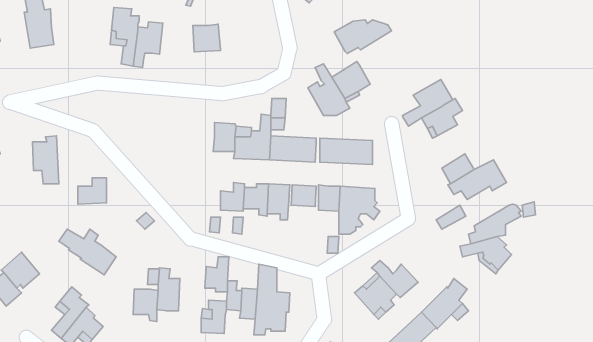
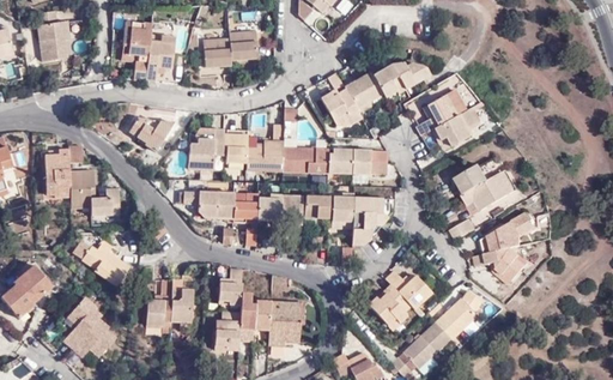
building: none -> [231,29,260,61]
building: [334,20,392,54] -> [372,65,430,98]
building: none -> [129,121,170,153]
building: none -> [189,129,225,170]
building: none -> [69,145,95,207]
building: none -> [183,192,235,219]

